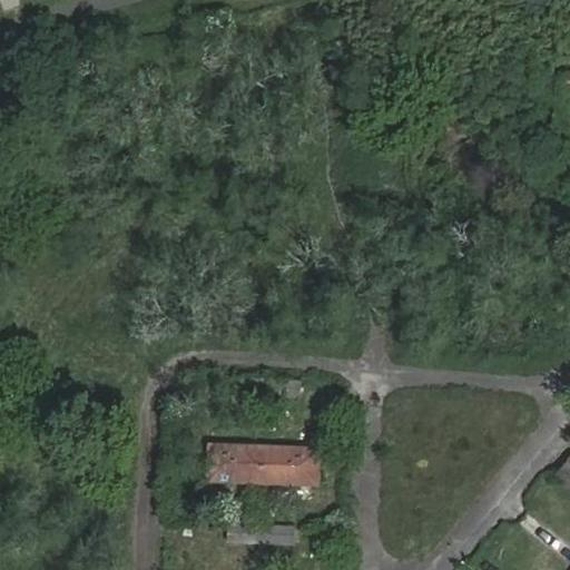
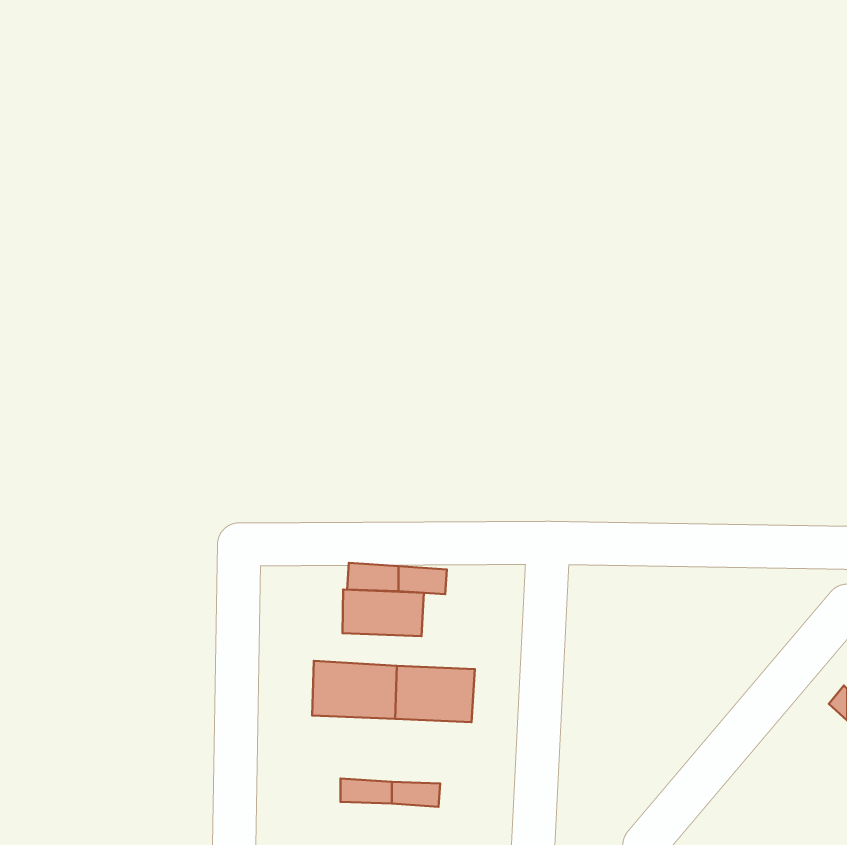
building: none -> [342,589,424,636]

